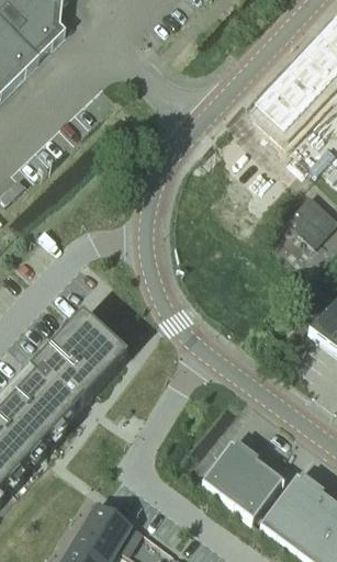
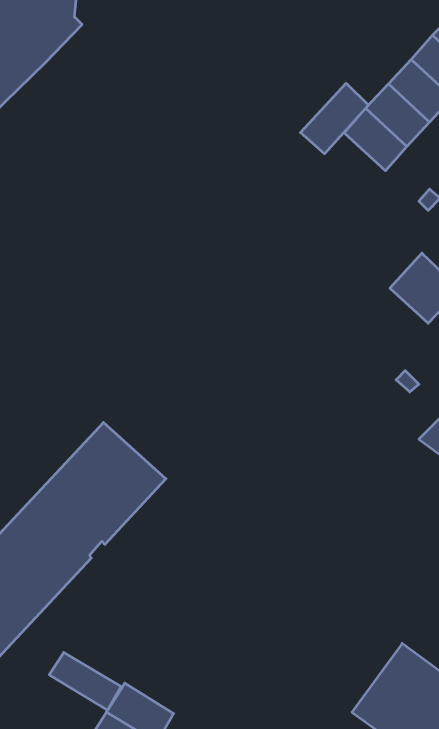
building: none -> [300,83,368,154]
building: [201,440,281,517] -> none
building: none -> [49,652,121,710]

